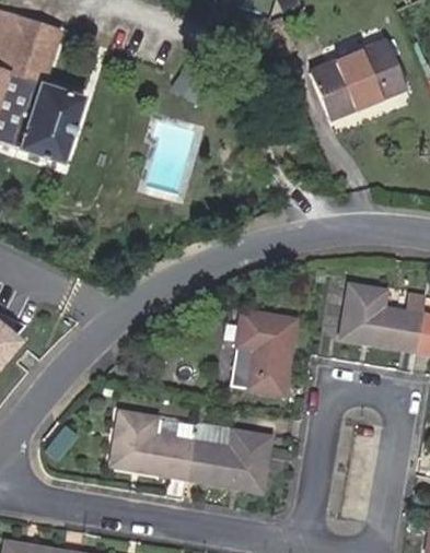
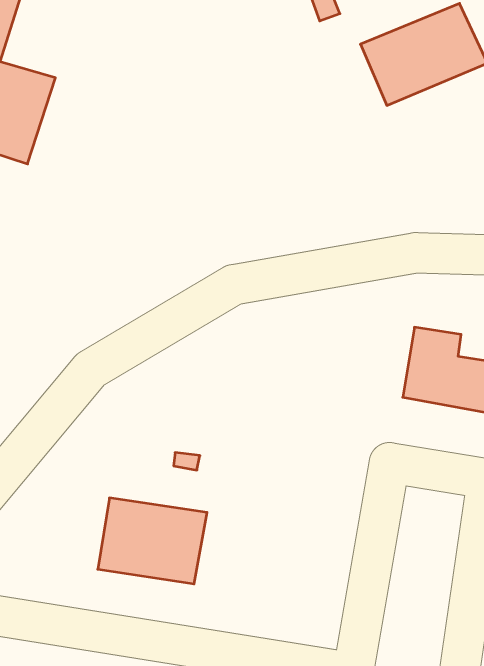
building: [232,311,297,393] -> none
building: [187,423,269,489] -> none

